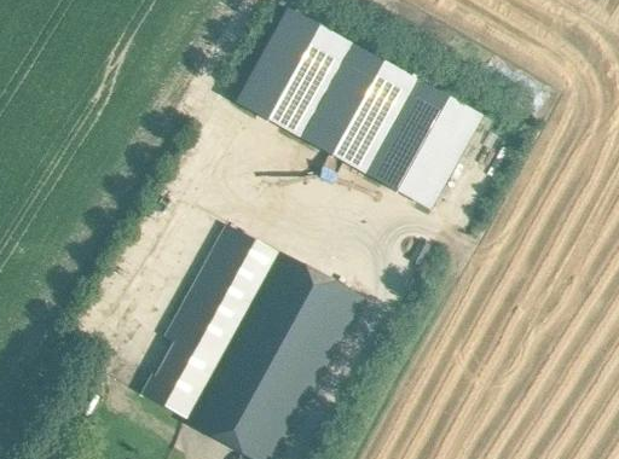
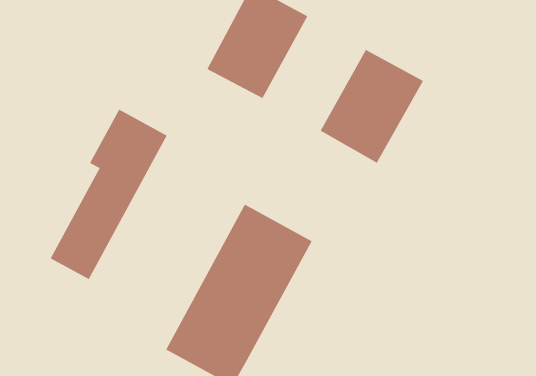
building: [300,42,417,173] -> none
building: [145,226,279,420] -> [50,109,168,280]

